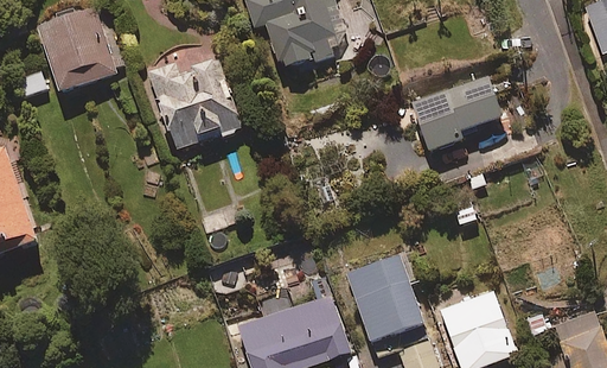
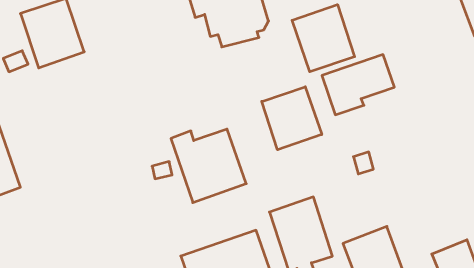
building: none -> [292,5,355,72]
building: [149,59,243,151] -> [171,129,246,203]
building: none -> [262,87,322,150]

